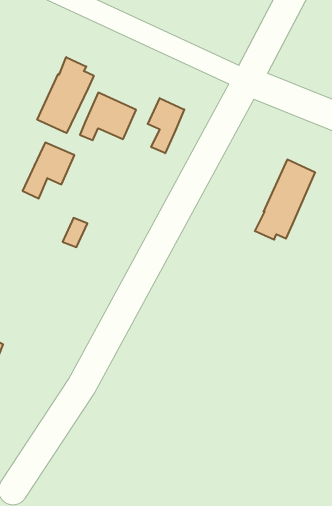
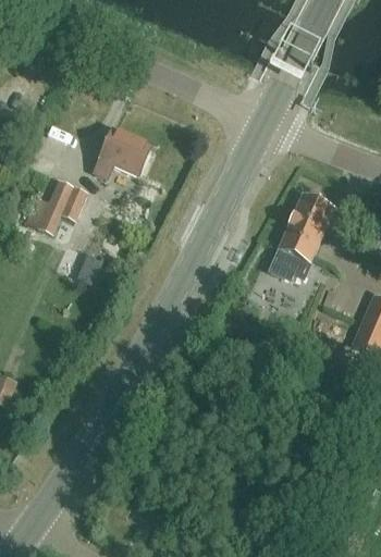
building: [37,57,94,133] -> none
building: [148,98,184,153] -> none

